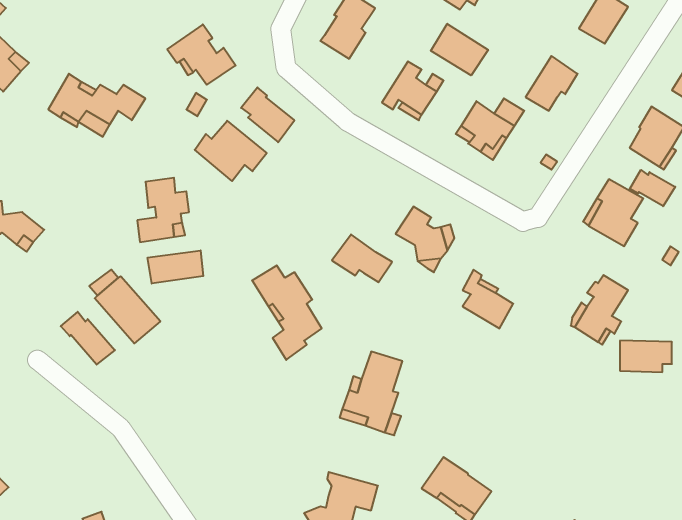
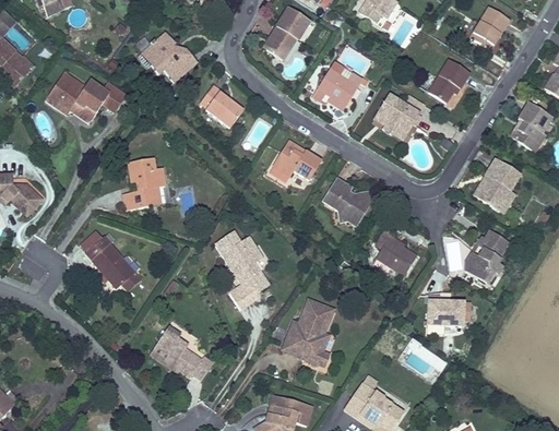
building: [431,24,488,75] -> none
building: [195,121,267,181] -> none
building: [630,170,675,206] -> none
building: [332,234,392,282] -> [274,142,322,180]
building: [148,250,203,284] -> none
building: [61,312,115,365] -> none
building: [620,341,672,372] -> [424,297,465,322]
building: none -> [147,326,211,378]

